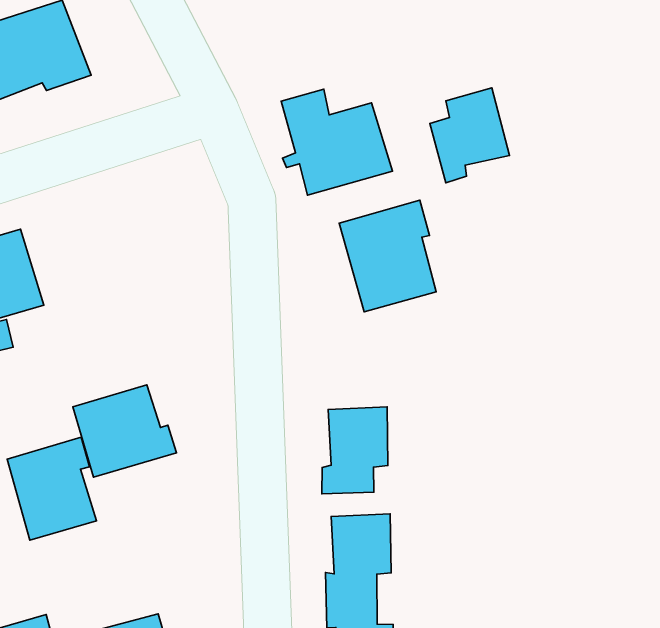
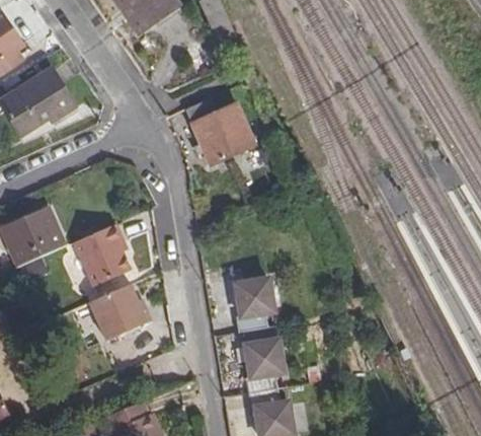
building: [430,88,510,183] -> none
building: [339,200,436,312] -> none
building: [7,437,96,540] -> [72,224,128,287]

